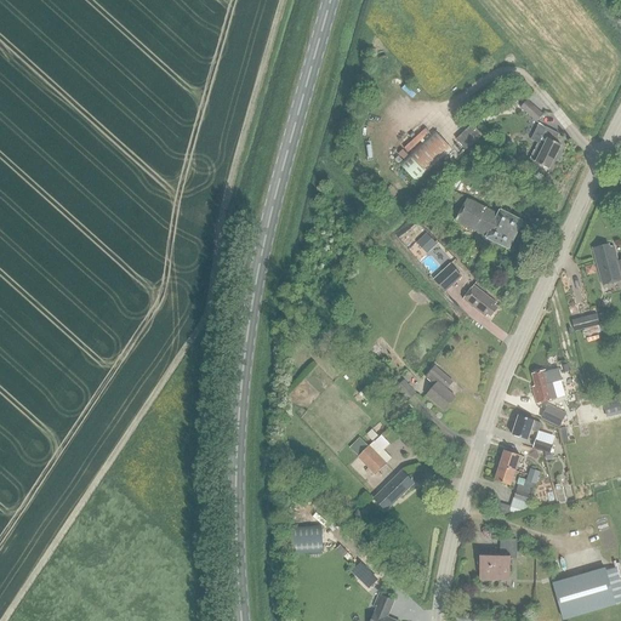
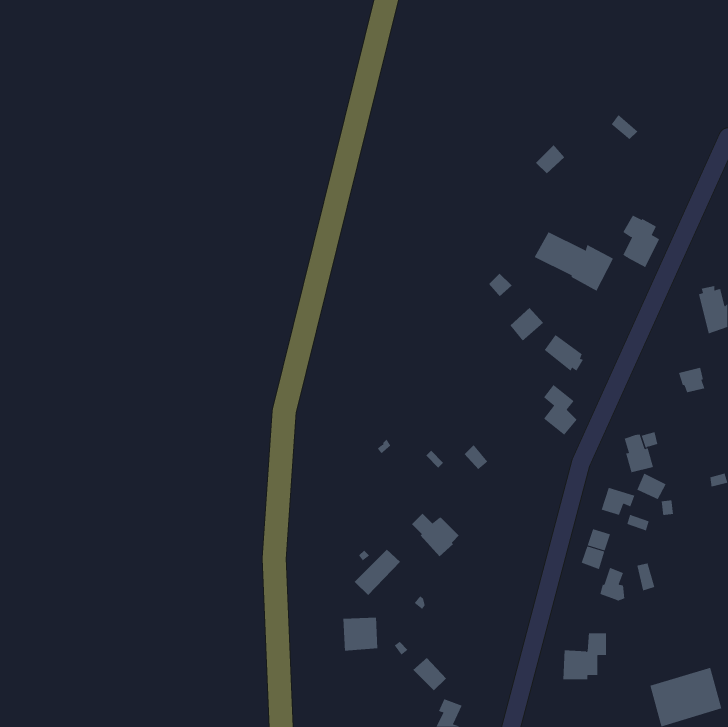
building: [529,123,560,167] -> [623,215,660,268]
building: [398,129,451,181] -> none
building: [425,365,454,409] -> [543,384,578,436]
building: [372,469,412,509] -> [354,549,401,596]

